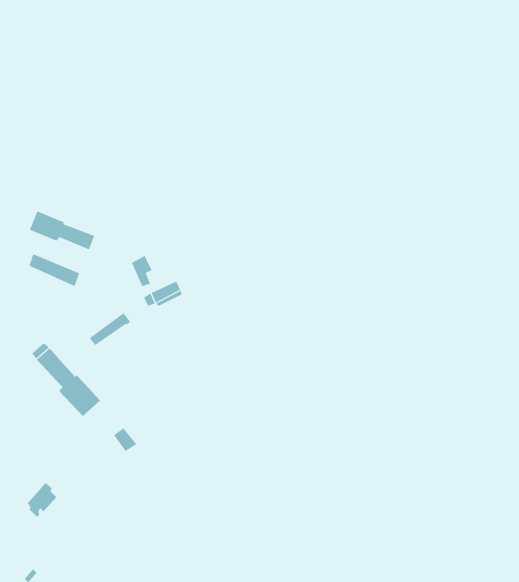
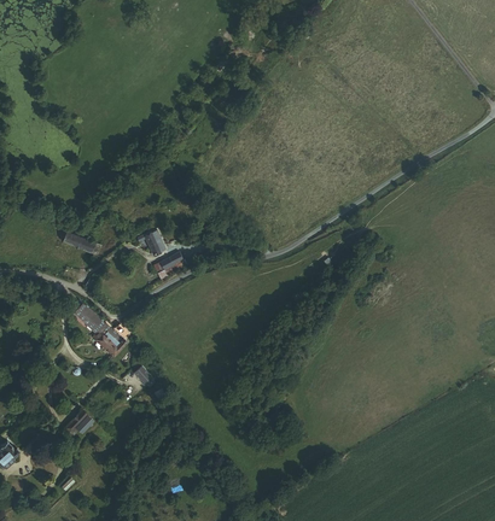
building: [29,210,95,250] -> none

